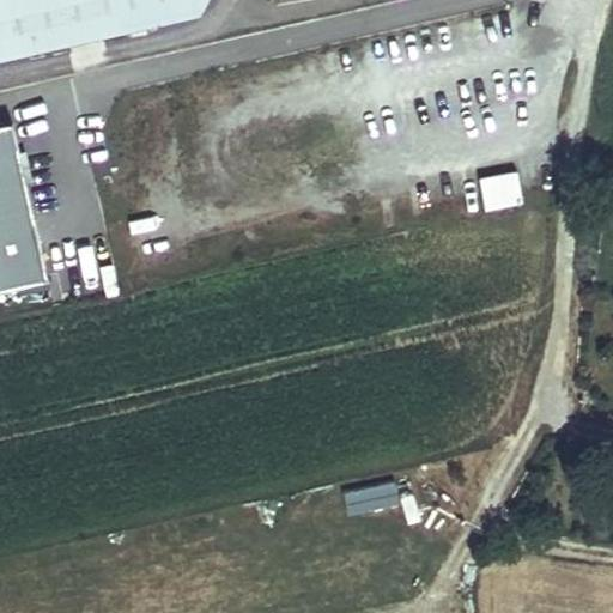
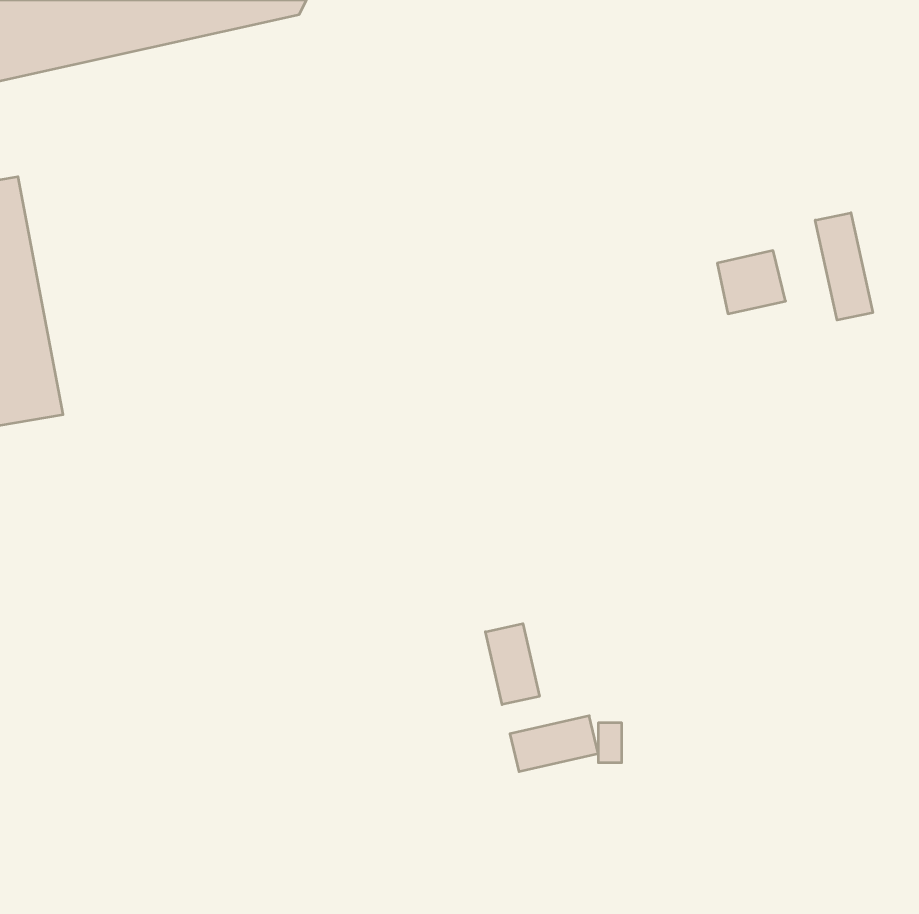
building: none -> [815,213,873,320]
building: none -> [485,624,539,705]

